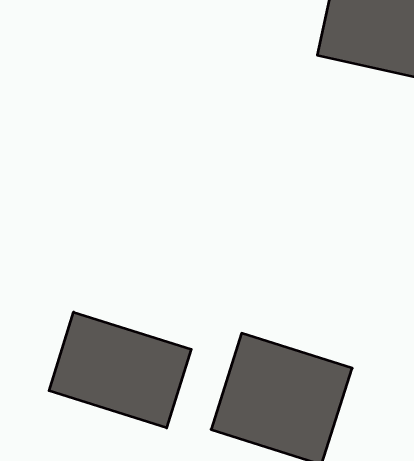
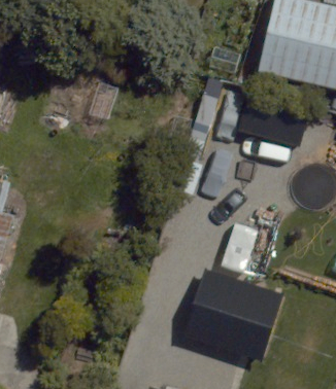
building: [49,312,191,428] -> none

